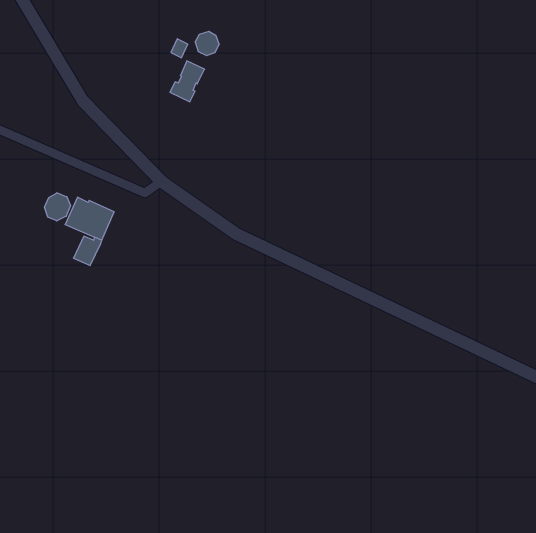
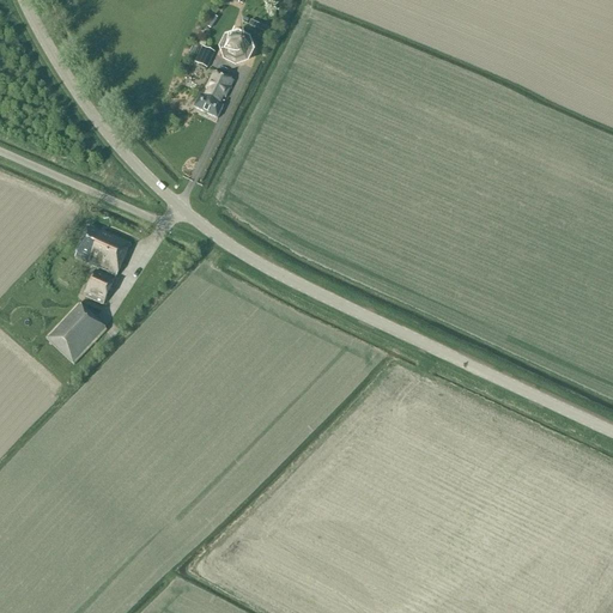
building: [44,193,71,221] -> none
building: none -> [45,302,107,363]

